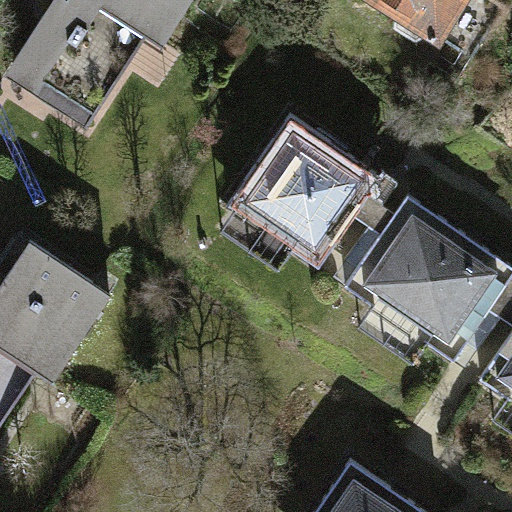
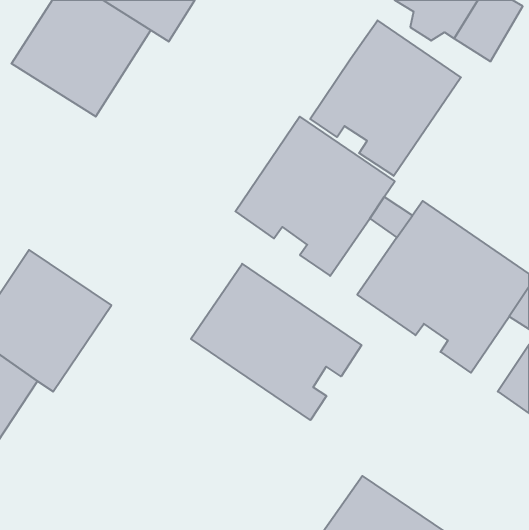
building: none -> [310,20,461,176]
building: none -> [191,264,361,420]

